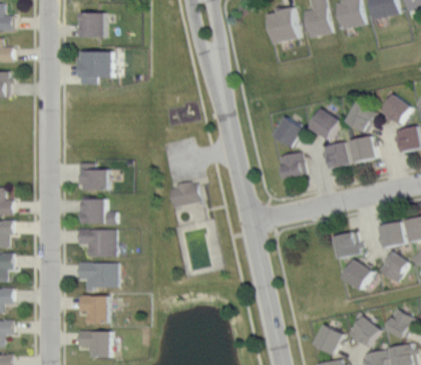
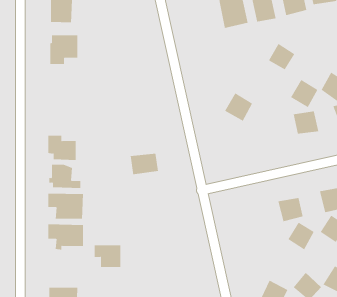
building: [309,108,339,138] -> [268,43,295,70]
building: [321,140,350,169] -> none
building: [277,150,304,178] -> none
building: [76,296,106,321] -> [94,245,121,267]

